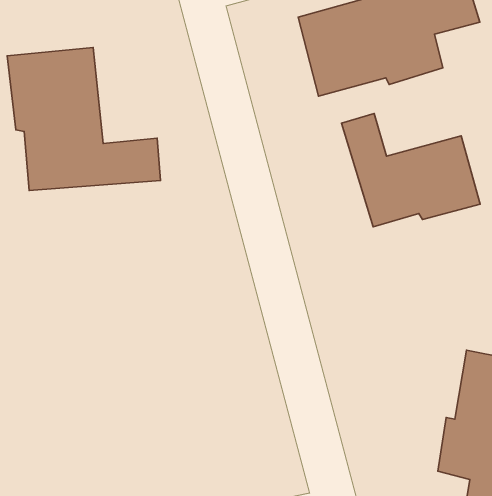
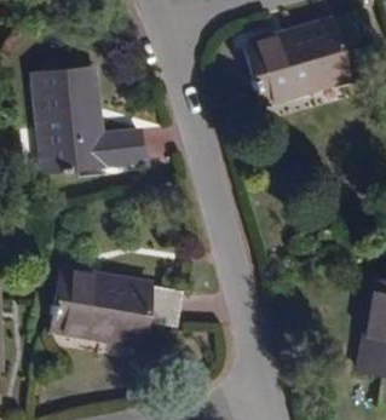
building: [342,113,480,227] -> none
building: none -> [46,264,178,347]

